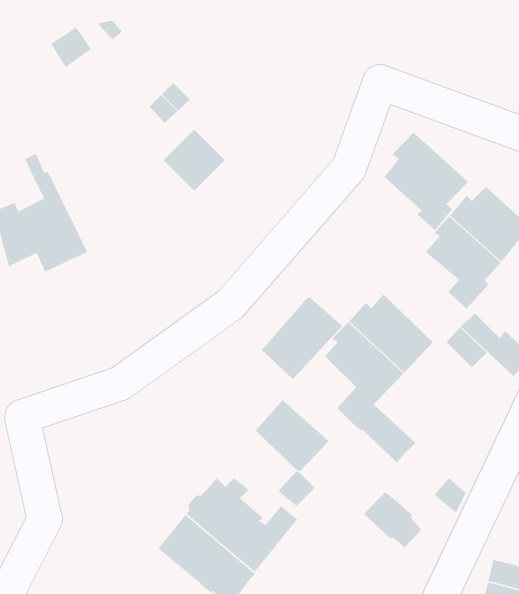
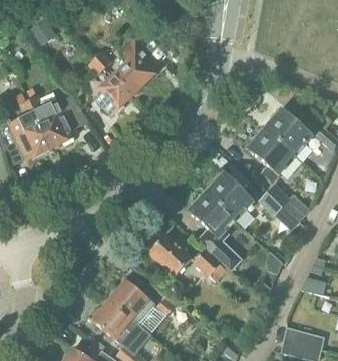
building: none -> [114,42,160,95]
building: [383,132,469,231] -> none
building: none -> [27,87,78,148]
building: [261,296,343,380] -> none
building: [363,491,422,548] -> [193,248,227,281]

